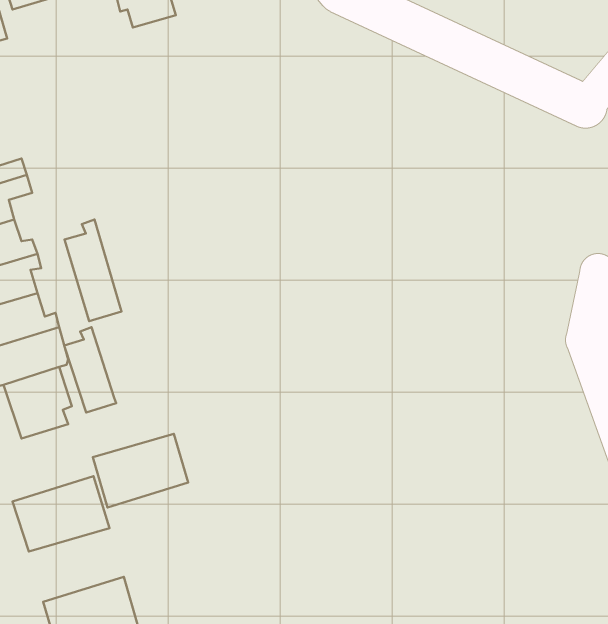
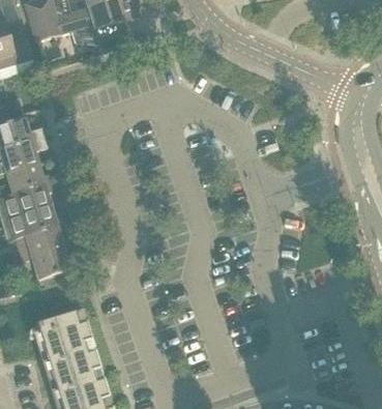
building: [65,220,122,321] -> none
building: [64,327,116,413] -> none
building: [93,434,188,508] -> [46,339,100,381]

